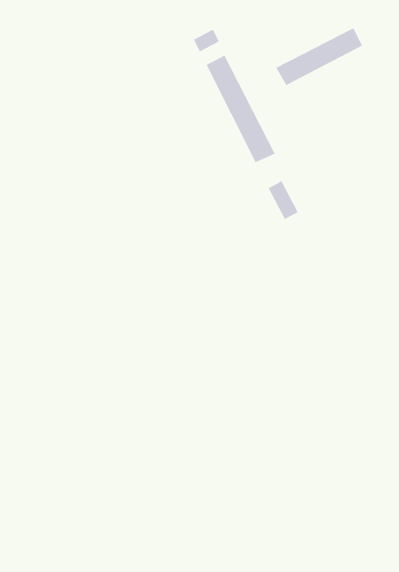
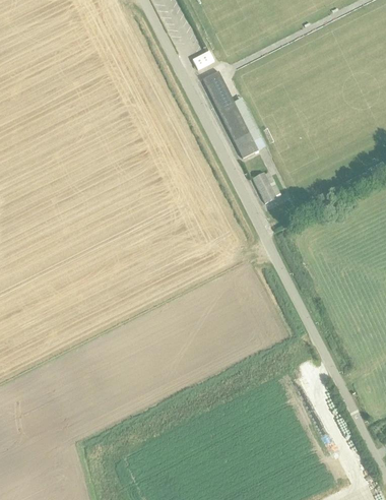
building: [275,27,363,86] -> none

